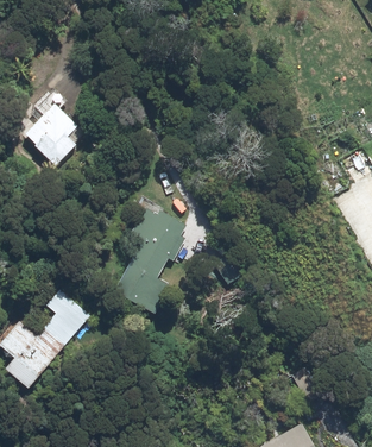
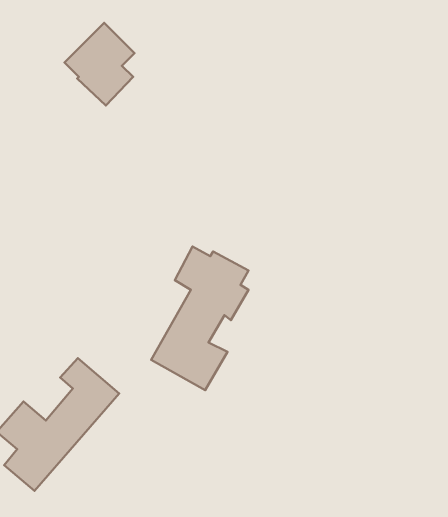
building: [24,105,76,166] -> [64,23,135,106]

